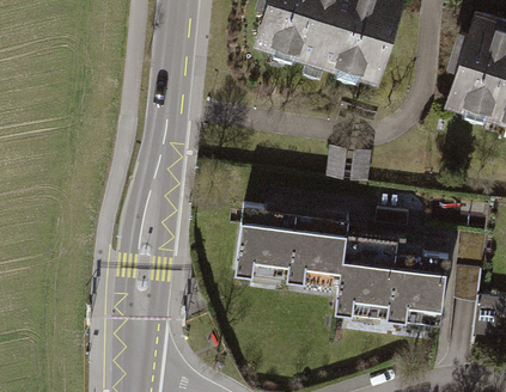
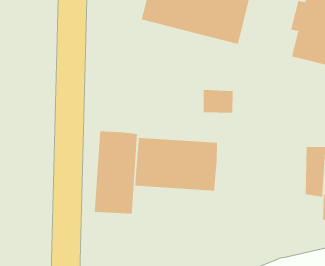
building: none -> [94,131,138,214]
building: [335,238,447,316] -> none

